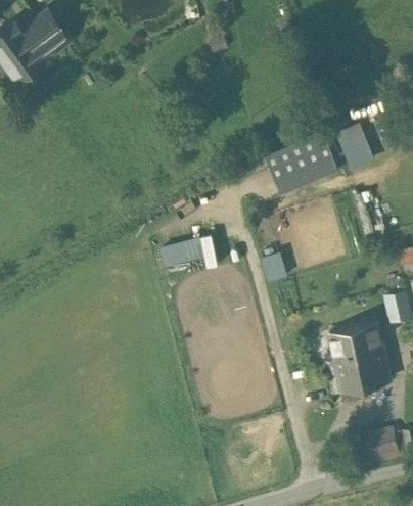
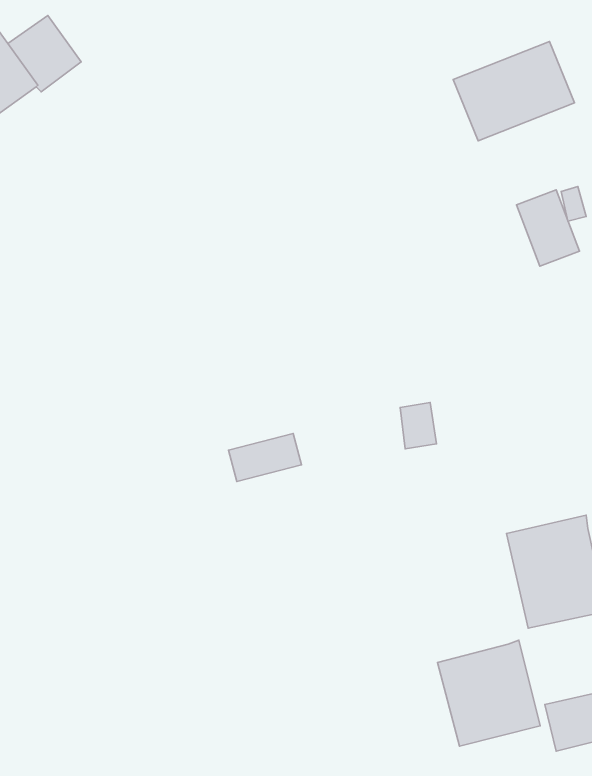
building: [264,133,338,194] -> [453,41,575,141]
building: [160,238,205,268] -> [228,433,301,482]
building: none -> [437,640,540,746]

